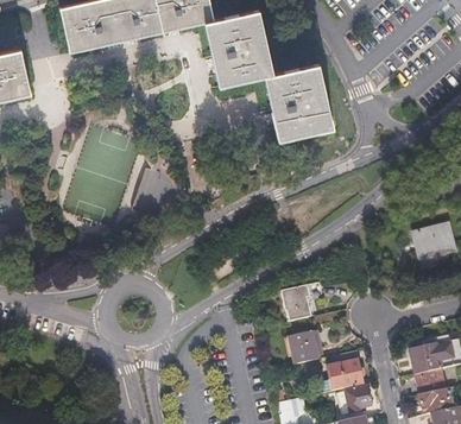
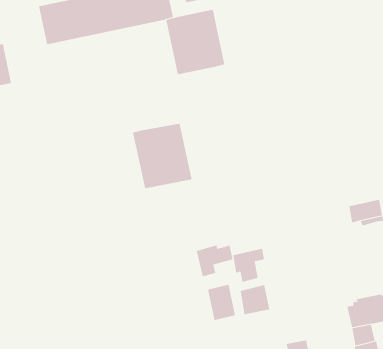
building: [264,67,333,141] -> [132,123,193,189]
building: none -> [196,244,233,277]
building: none -> [208,284,236,321]
building: [328,347,367,392] -> none

